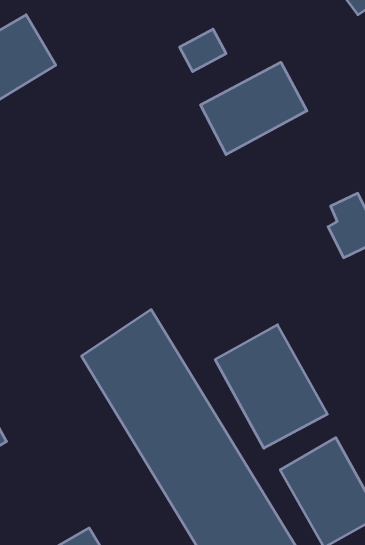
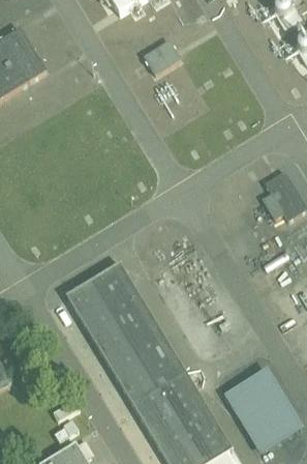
building: [201,62,307,155] -> none
building: [215,325,327,448] -> none

